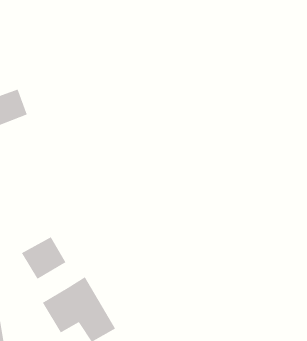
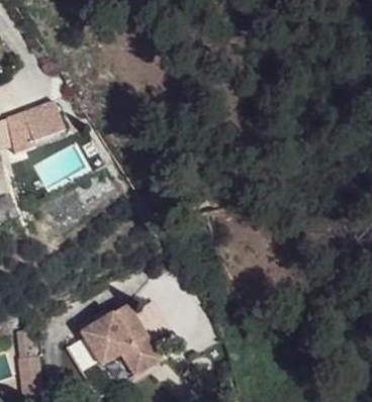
building: [21,236,67,280] -> none

